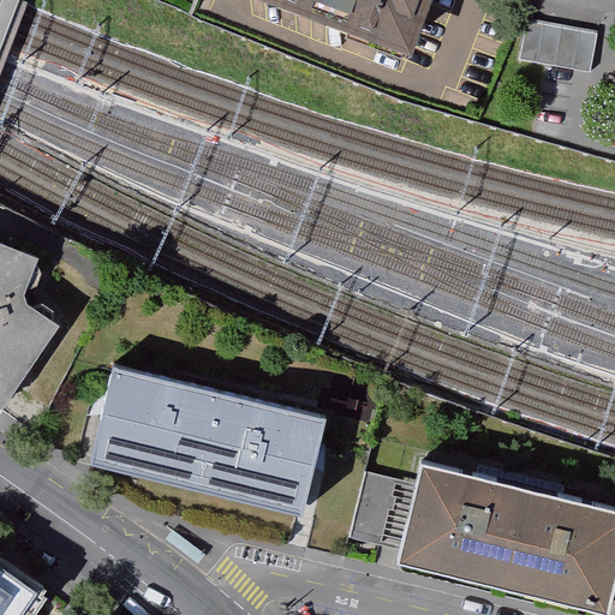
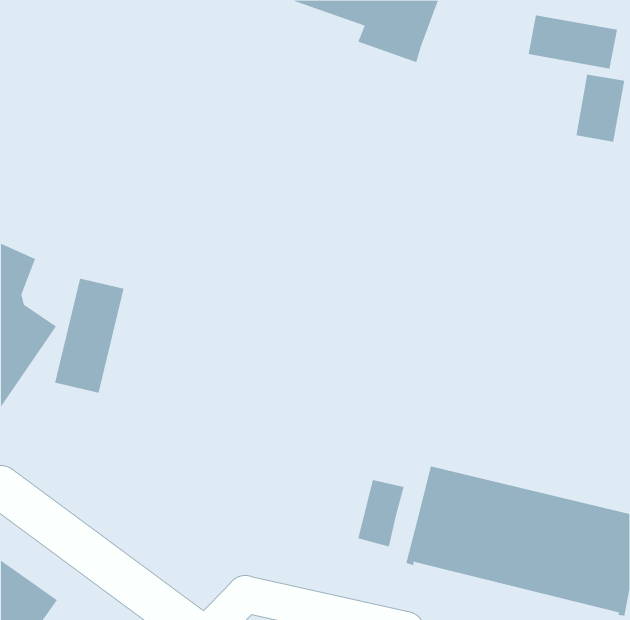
building: none -> [576,74,625,142]
building: none -> [54,278,124,393]
building: [91,370,322,506] -> none

